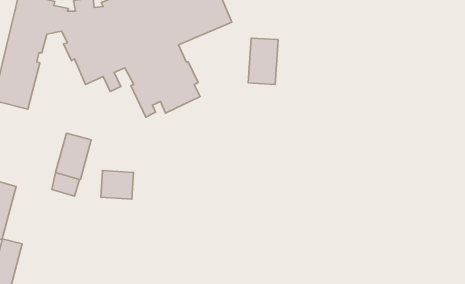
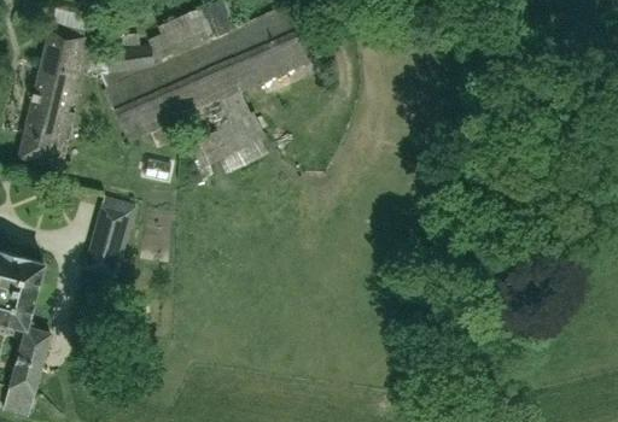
building: [248,38,278,85] -> none
building: [101,170,134,199] -> none

